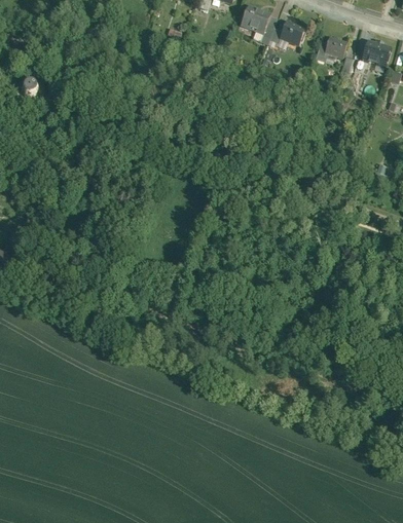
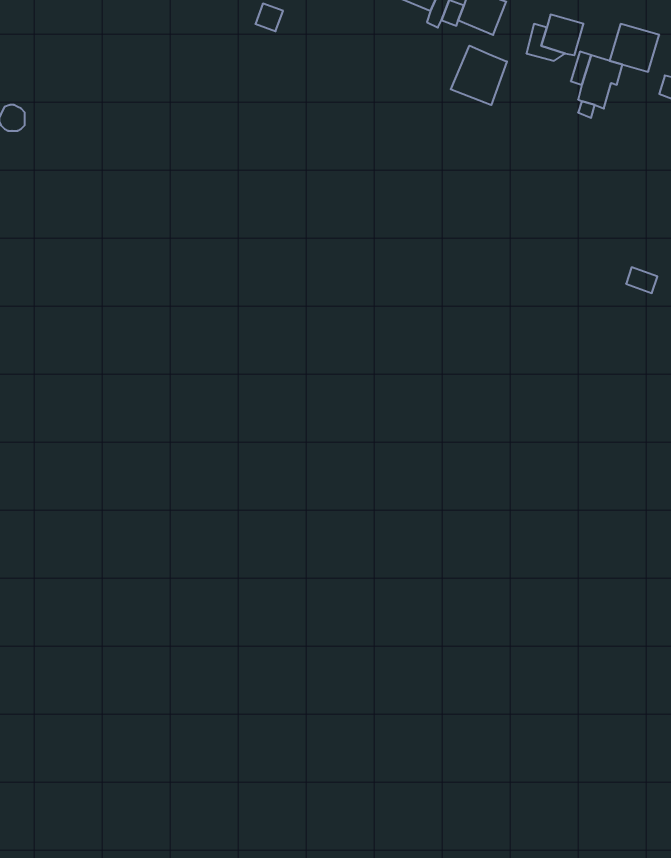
building: none -> [451,46,507,105]

